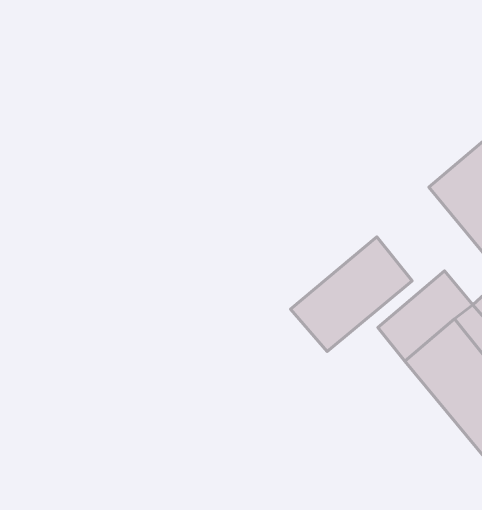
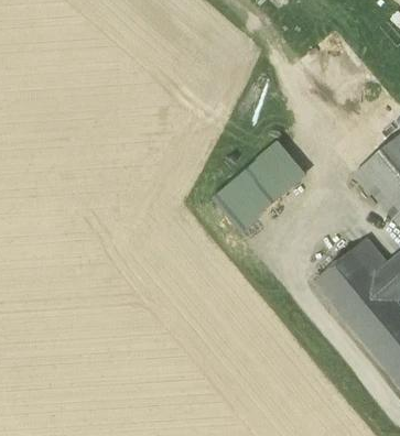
building: [290,237,412,351] -> [212,143,306,232]

